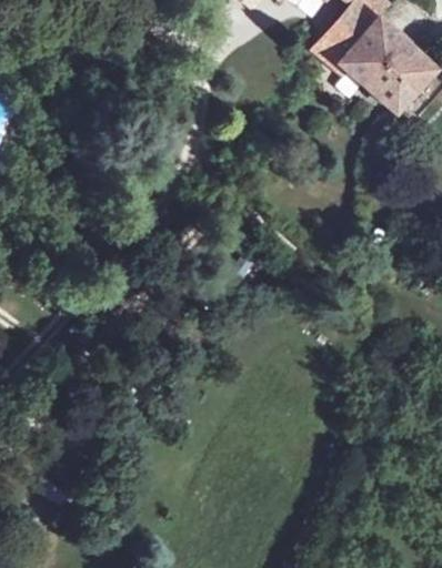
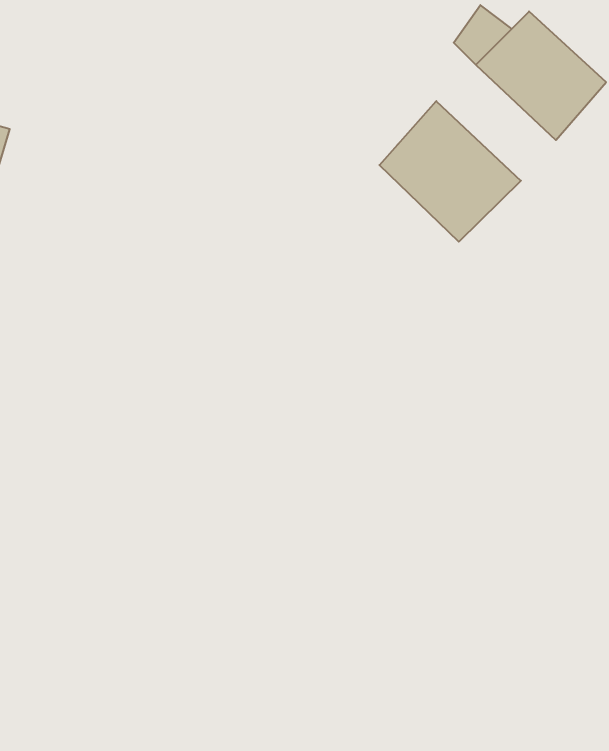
building: none -> [379,101,521,242]

